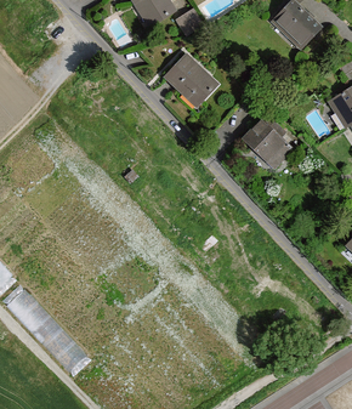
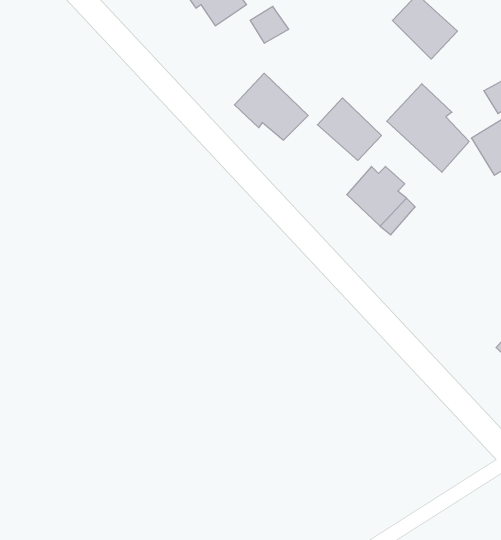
building: none -> [387,84,469,172]
building: none -> [317,98,381,160]

